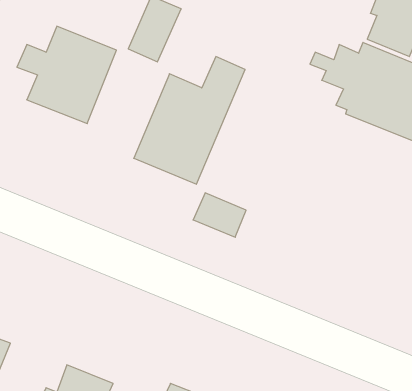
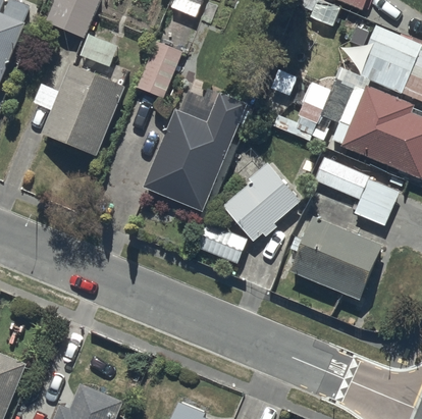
building: none -> [222,147,306,241]
building: none -> [314,149,399,225]
building: none -> [291,214,383,301]

